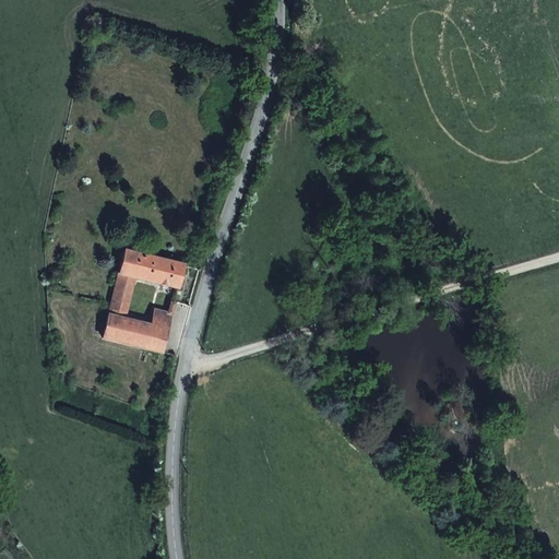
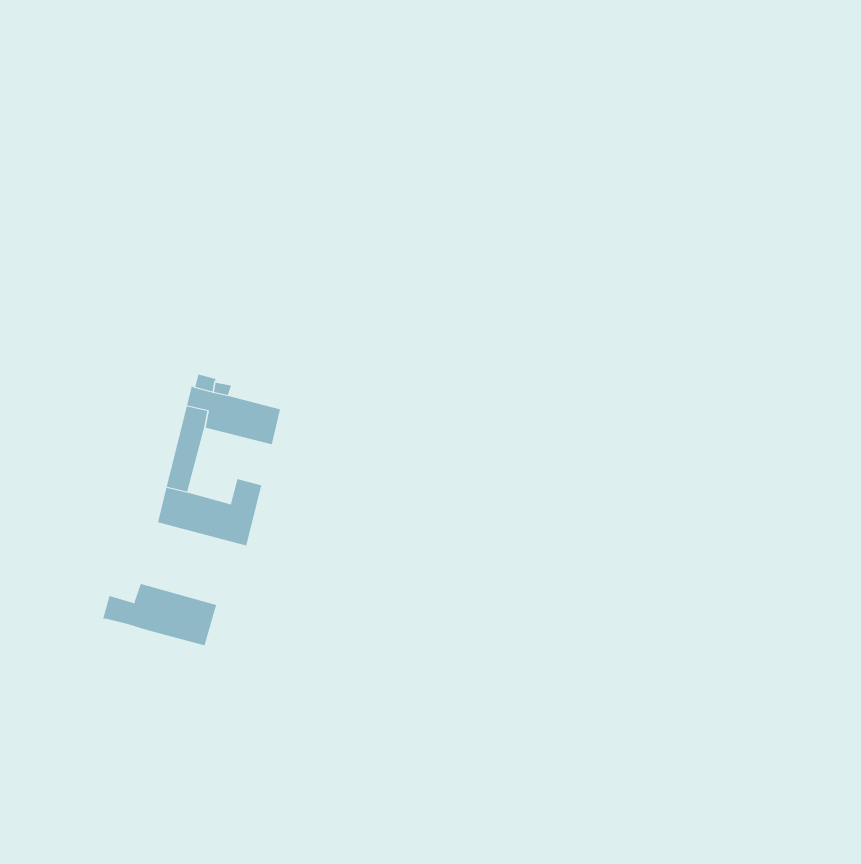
building: none -> [103,583,217,646]

